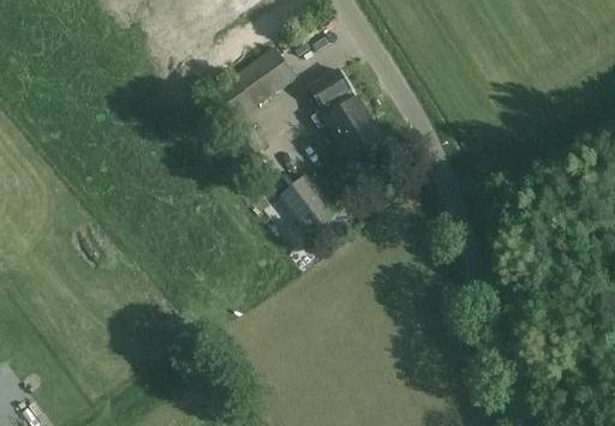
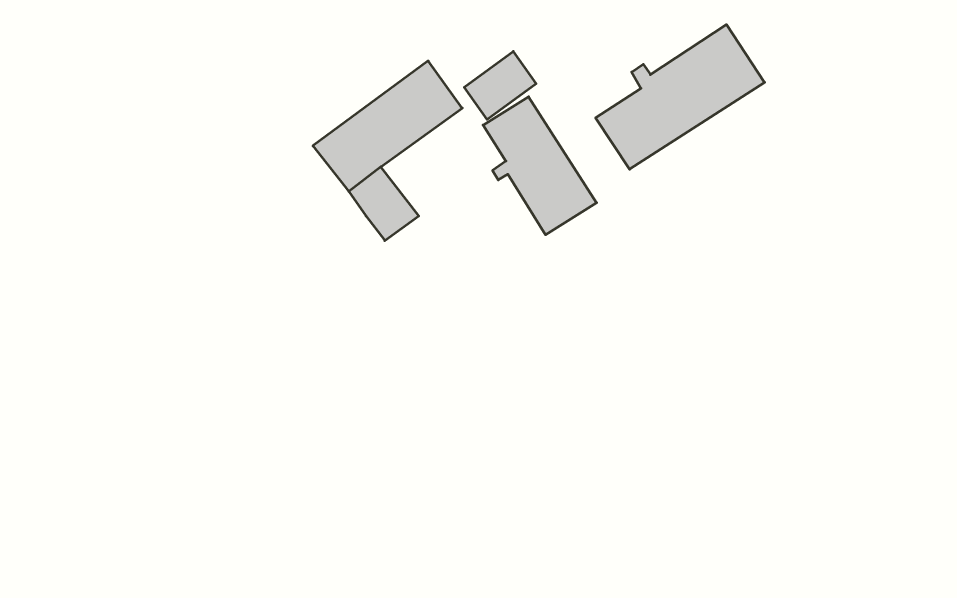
building: none -> [596,25,765,169]
building: [279,174,338,236] -> none

